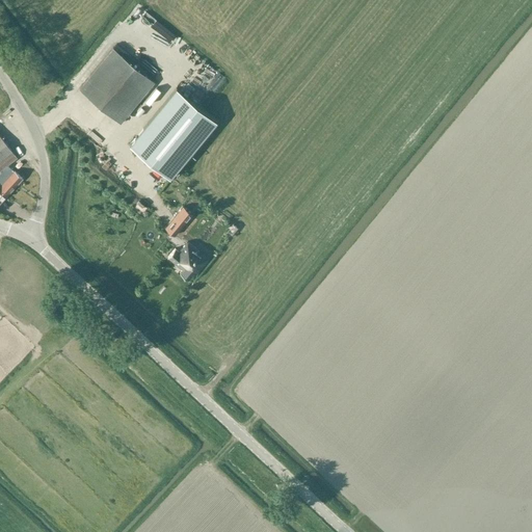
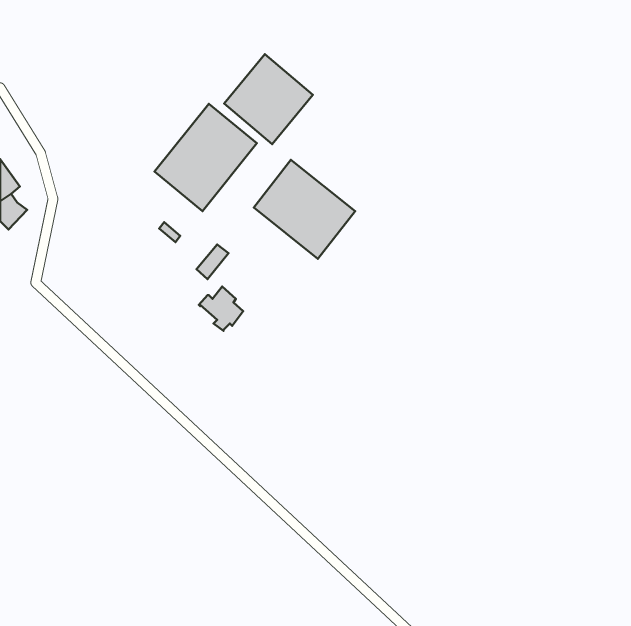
building: [80,50,155,126] -> [224,54,313,144]
building: none -> [254,160,355,259]

